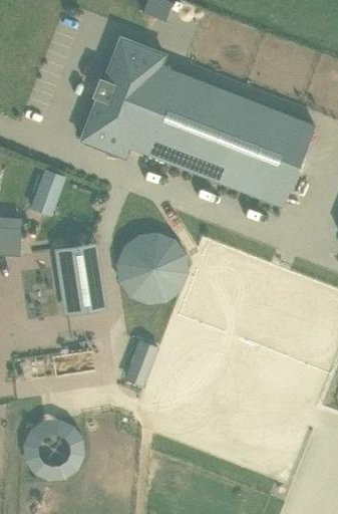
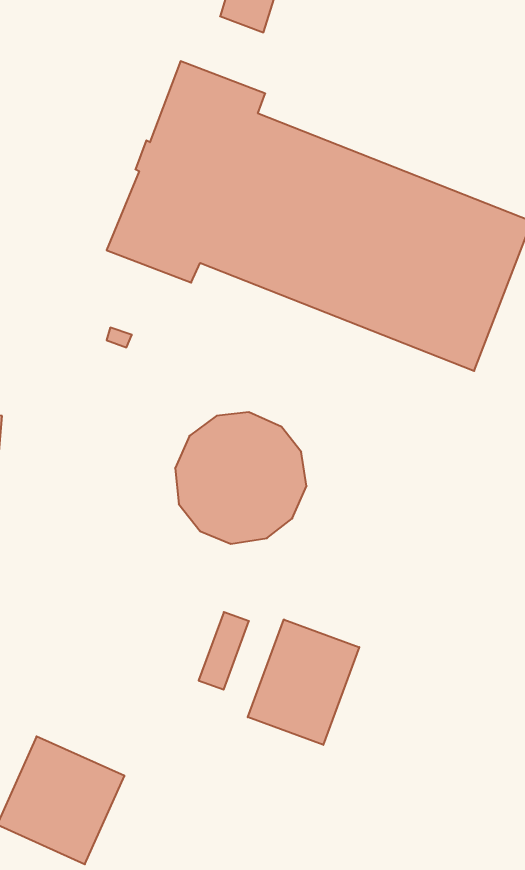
building: [32,171,65,217] -> none
building: [58,243,105,314] -> none
building: none -> [248,619,359,745]

